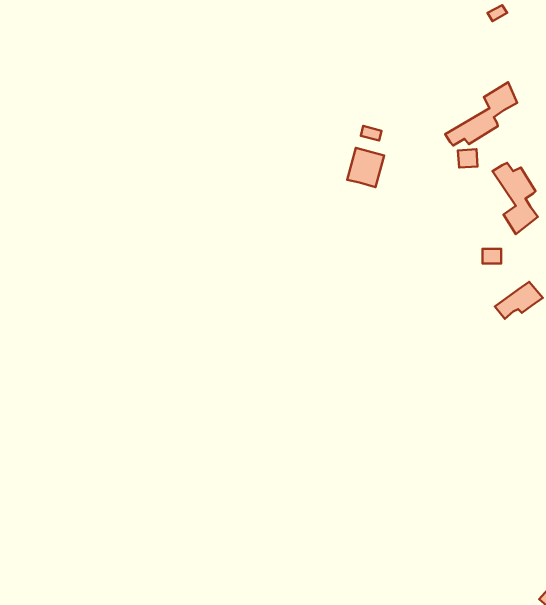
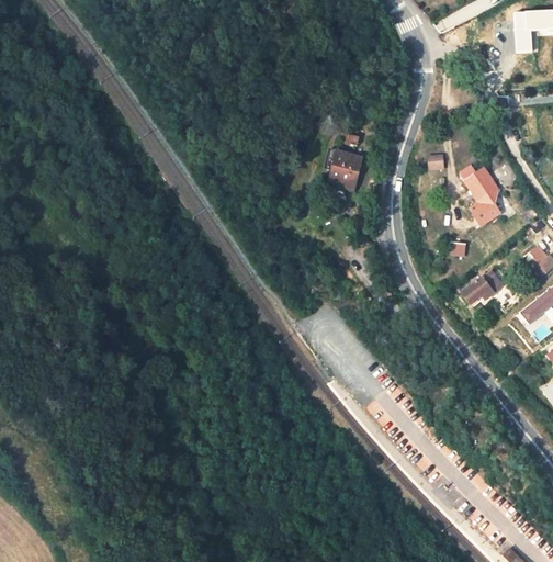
building: [445,82,517,145] -> none

